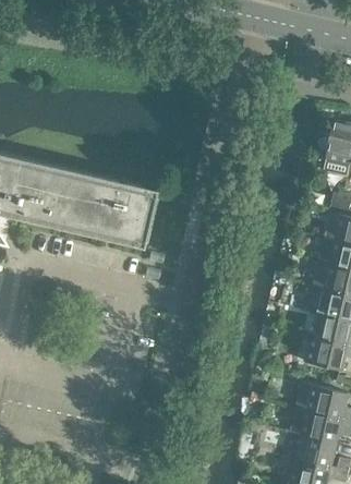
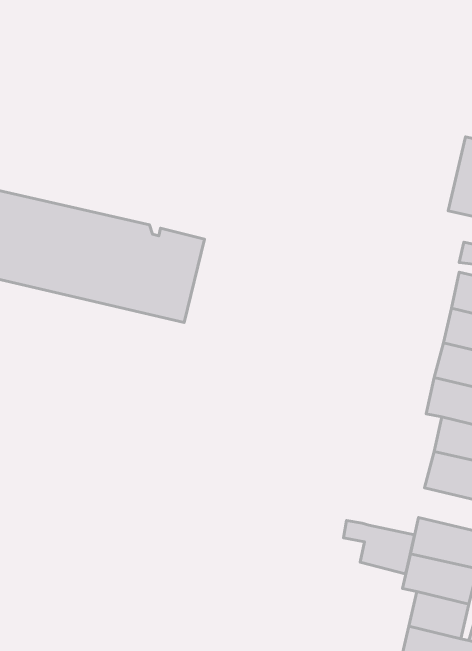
building: none -> [344,520,415,574]

